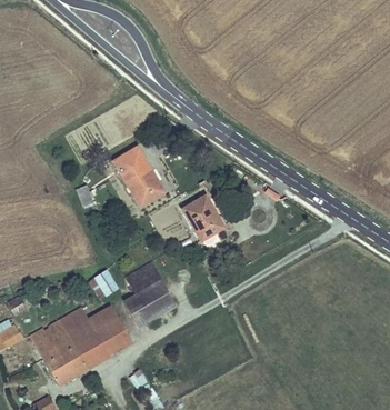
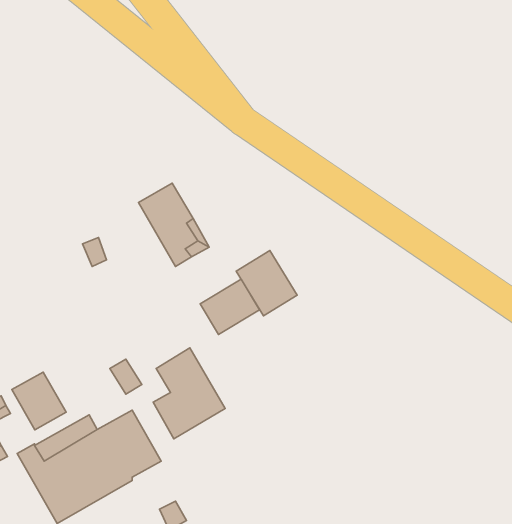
building: none -> [200,279,259,335]
building: none -> [12,372,66,430]

